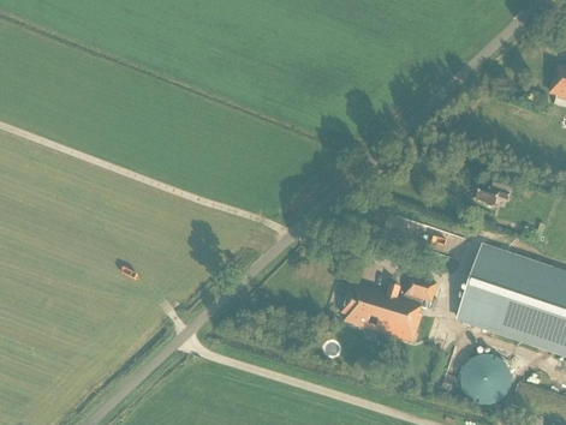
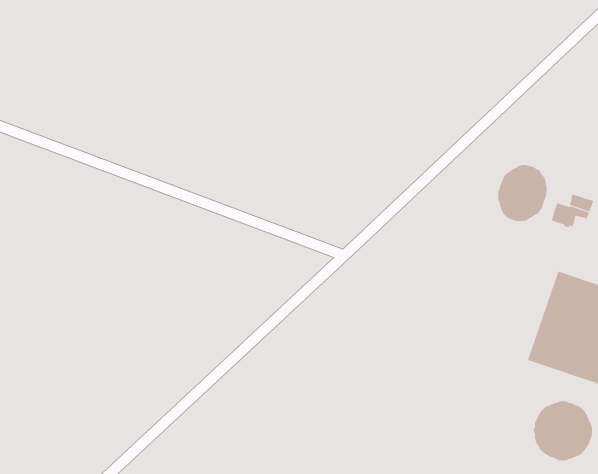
building: none -> [498,164,547,222]
building: [342,275,439,341] -> none

